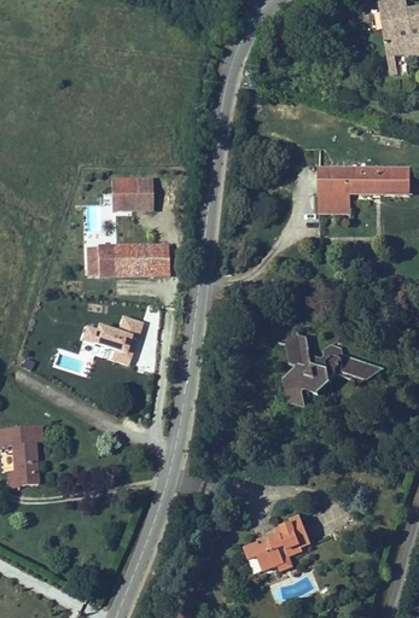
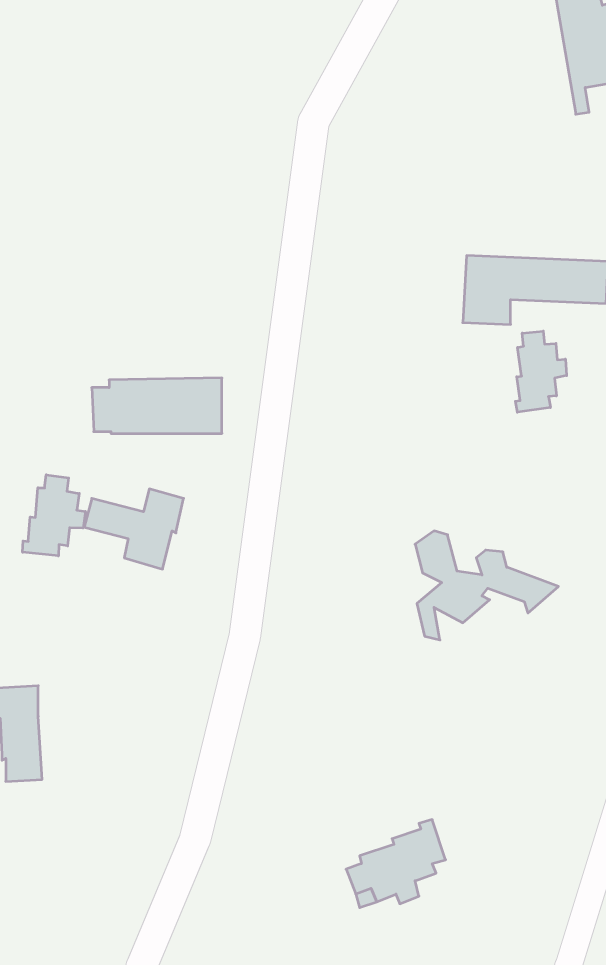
building: [110,177,151,210] -> none
building: none -> [515,331,567,412]
building: none -> [23,475,85,556]

